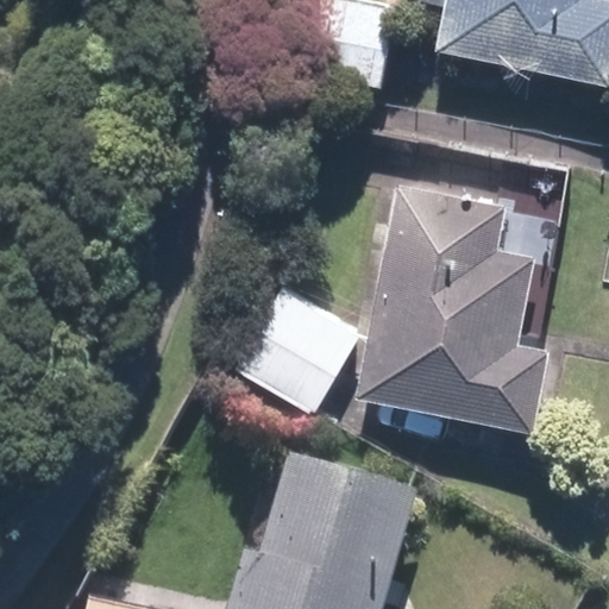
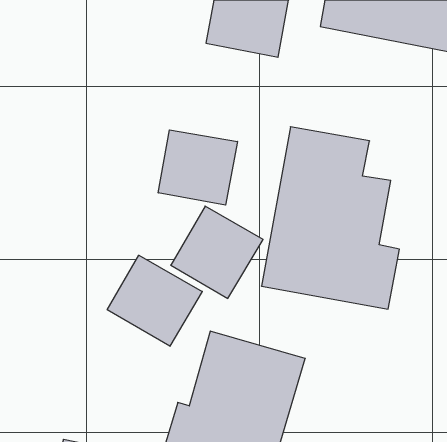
building: none -> [158,130,237,205]
building: none -> [107,255,202,346]

